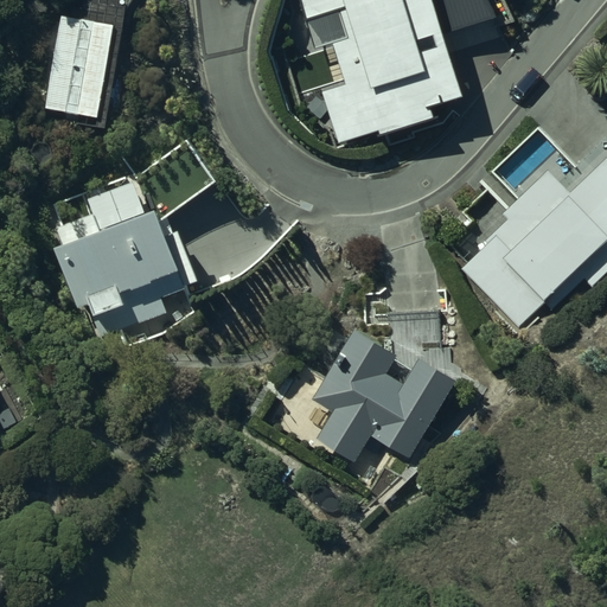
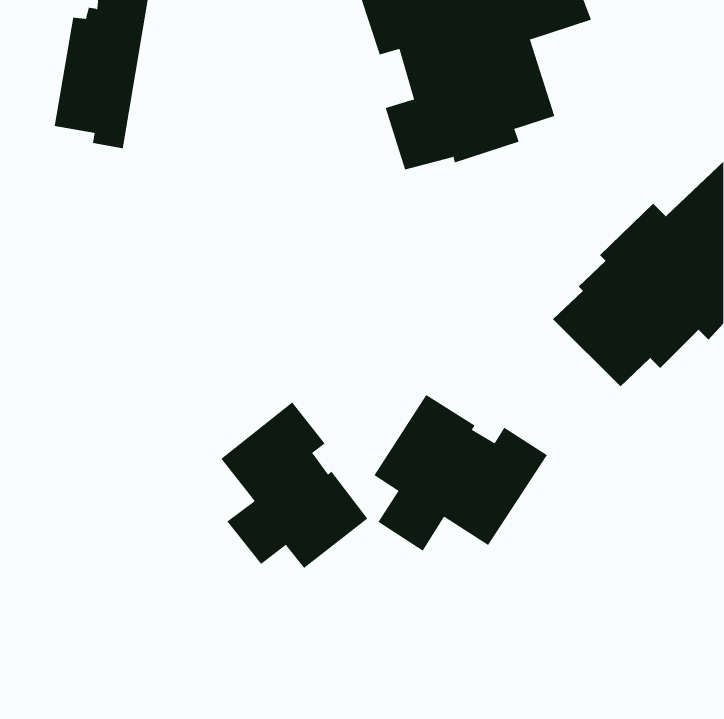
building: [53,179,204,332] -> none
building: none -> [221,401,368,569]

